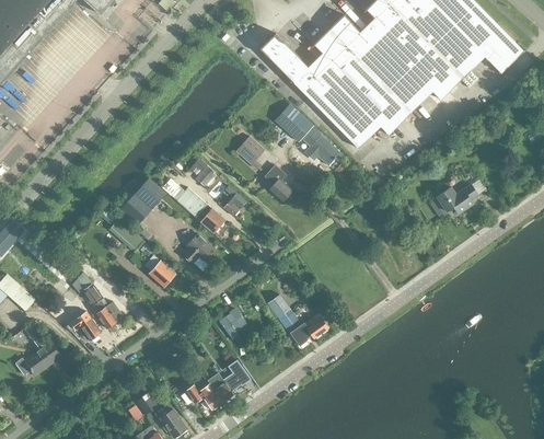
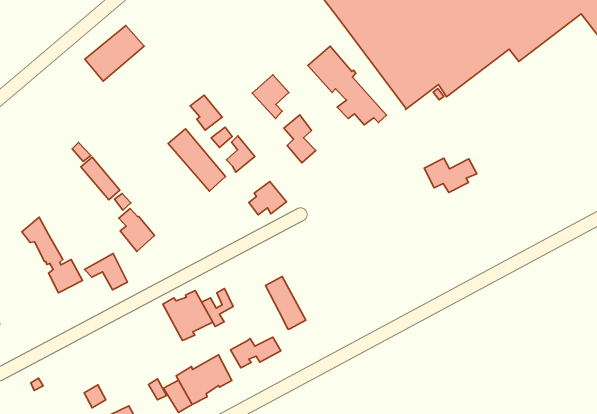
building: [119,177,164,223] -> [85,25,144,81]
building: [436,184,477,212] -> [424,158,477,193]
building: [183,233,212,261] -> [249,181,287,215]
building: [65,310,100,338] -> [84,254,128,290]
building: none -> [163,290,213,341]
building: [289,317,328,345] -> [231,337,281,368]

